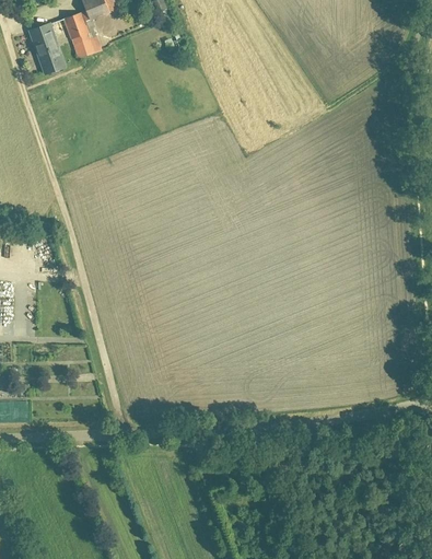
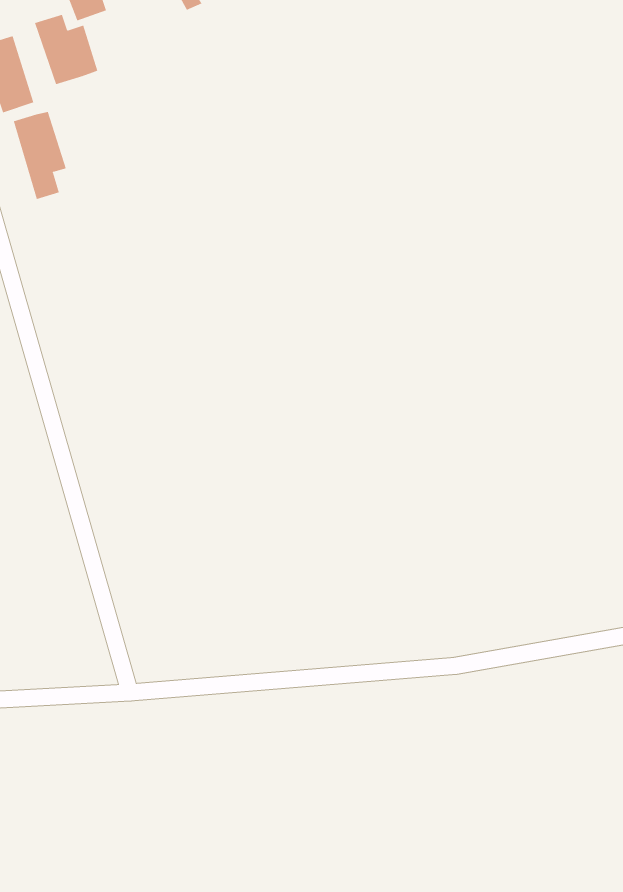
building: none -> [13,111,66,200]

